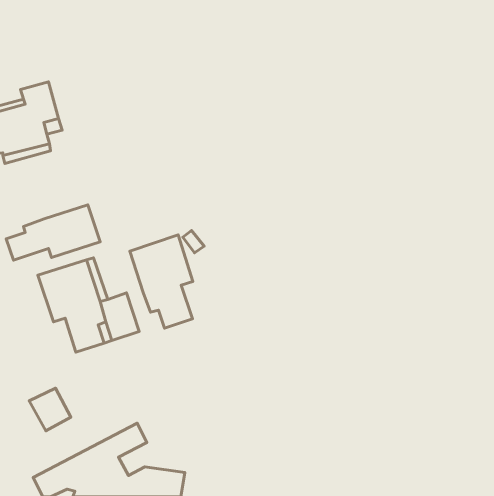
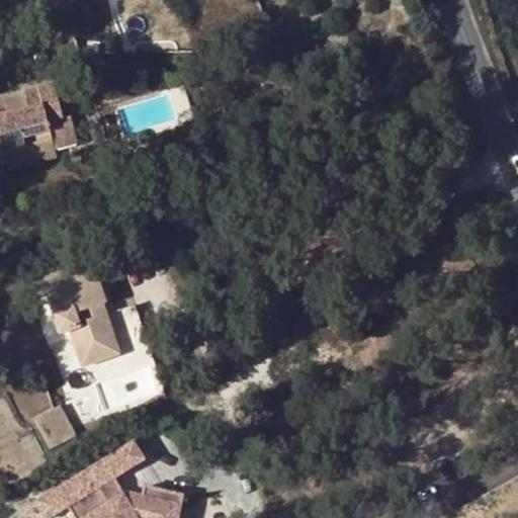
building: [6,205,100,260] -> none
building: [130,235,193,328] -> none

